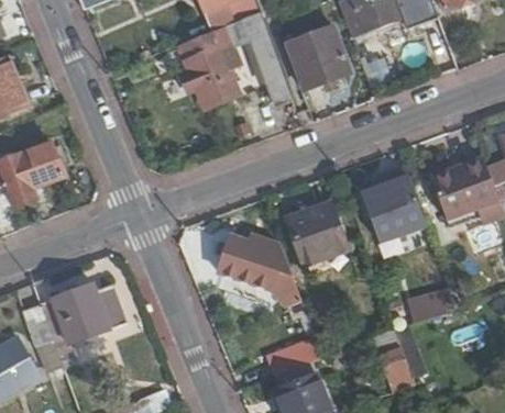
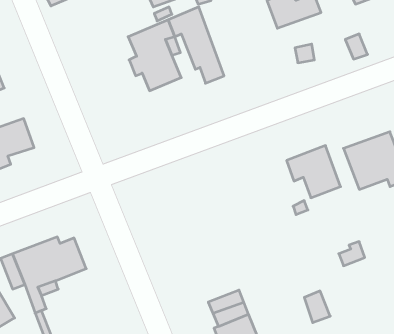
building: [284,26,348,90] -> none
building: [284,210,351,271] -> none
building: [210,233,301,302] -> none

